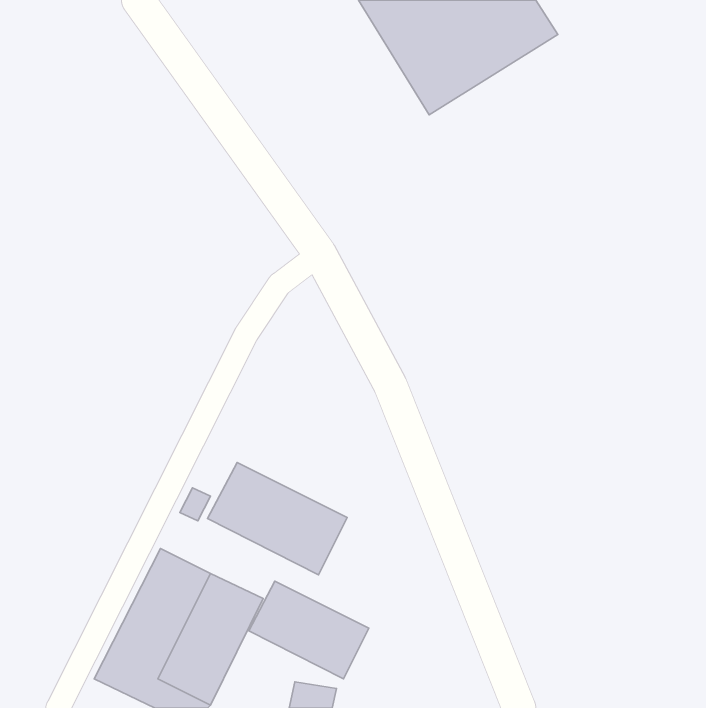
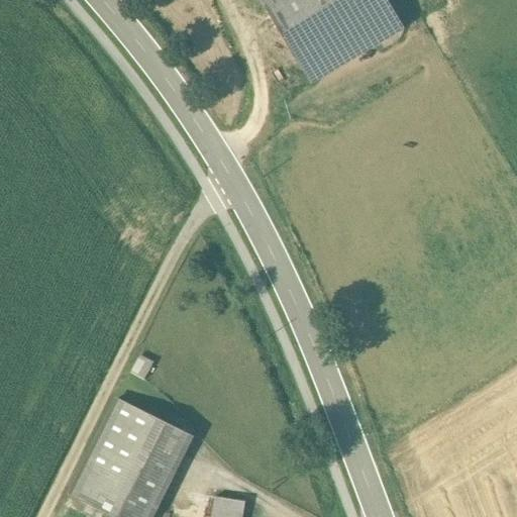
building: [208,463,347,575] -> none
building: [249,581,369,679] -> none

